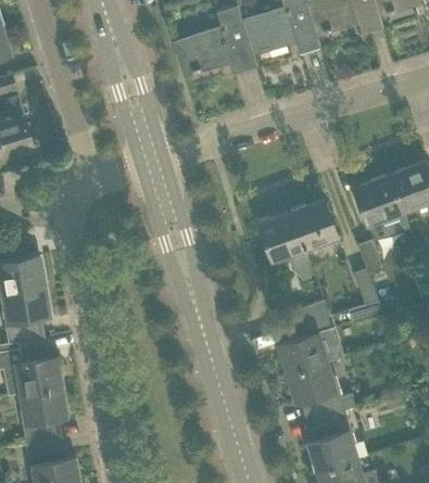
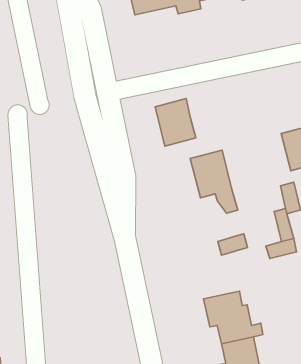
building: [292,200,339,253] -> [155,99,196,146]
building: [278,329,335,373] -> none

